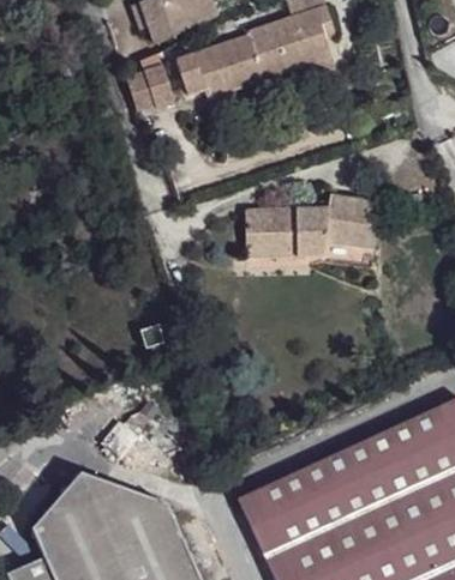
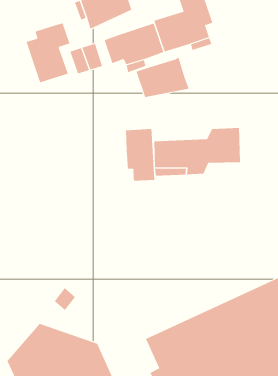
building: none -> [26,23,70,83]
building: none -> [136,57,190,98]
building: none -> [126,128,155,181]

